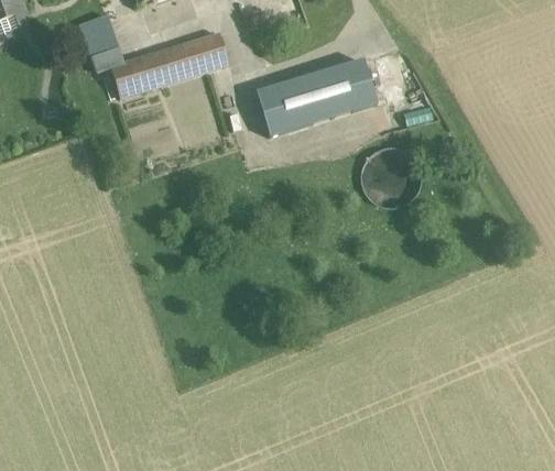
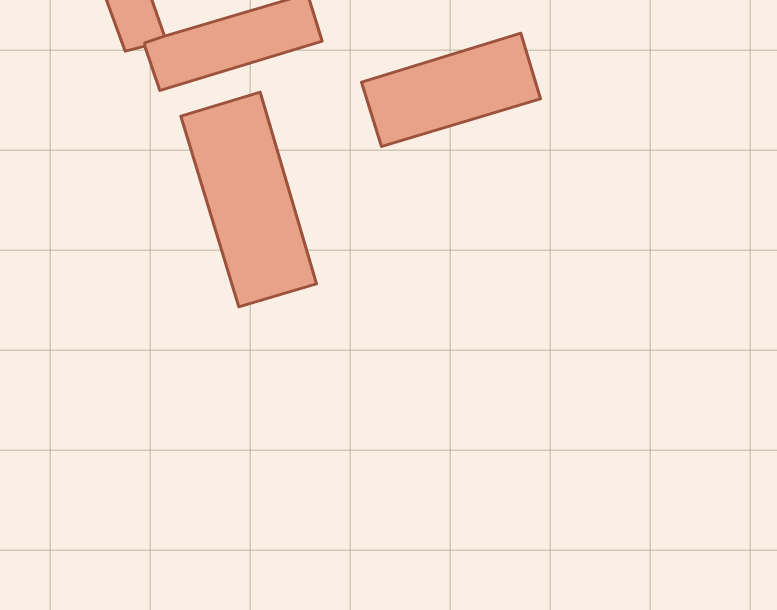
building: none -> [181,92,316,307]
building: [361,147,421,208] -> none

